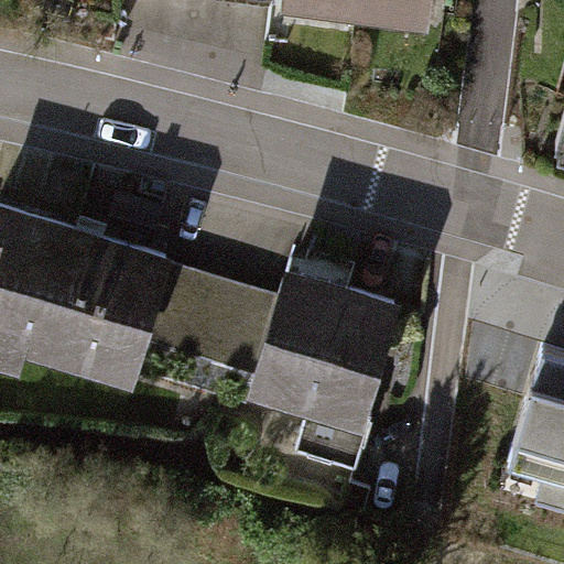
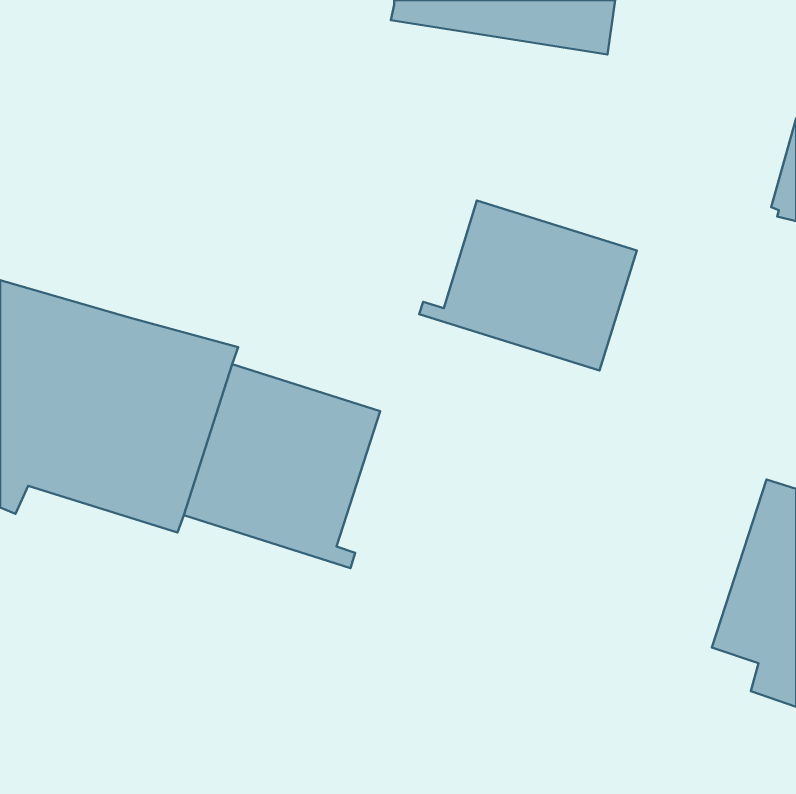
building: none -> [419,200,637,371]
building: [238,261,399,473] -> none

